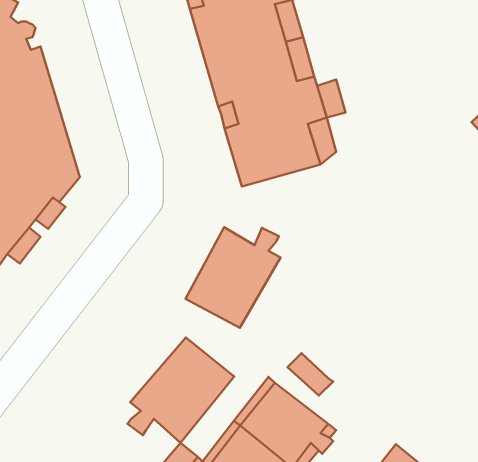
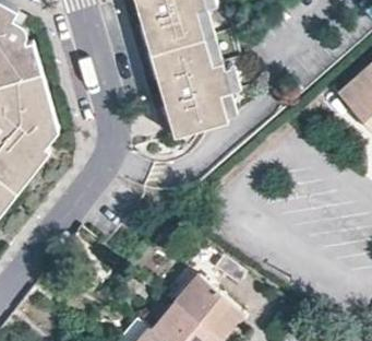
building: [185,227,281,328] -> none
building: [128,337,234,443] -> none

